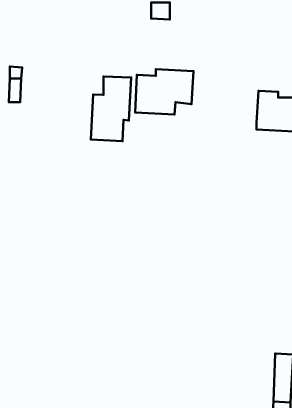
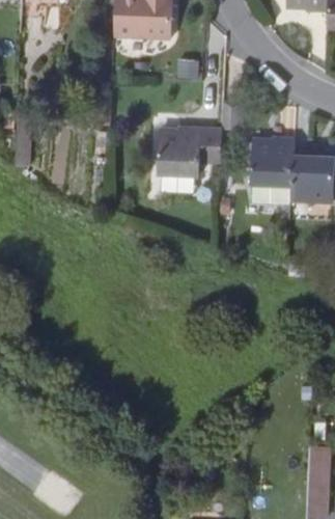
building: [91,76,131,141] -> none
building: none -> [251,139,294,187]

